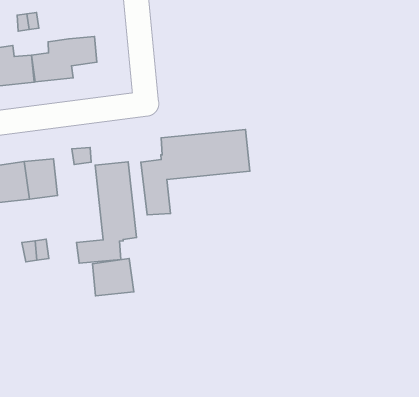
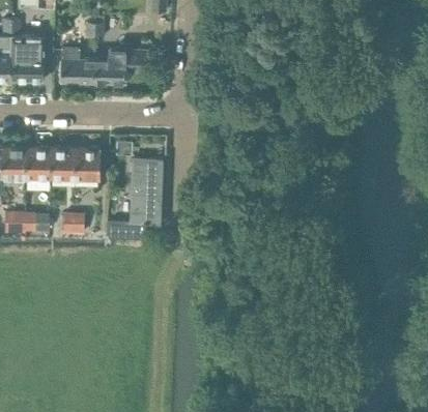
building: [141,130,250,215] -> none
building: [92,258,134,296] -> none

